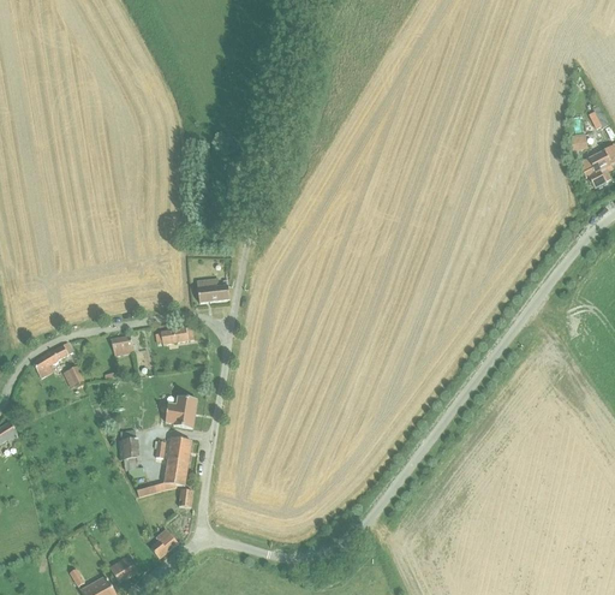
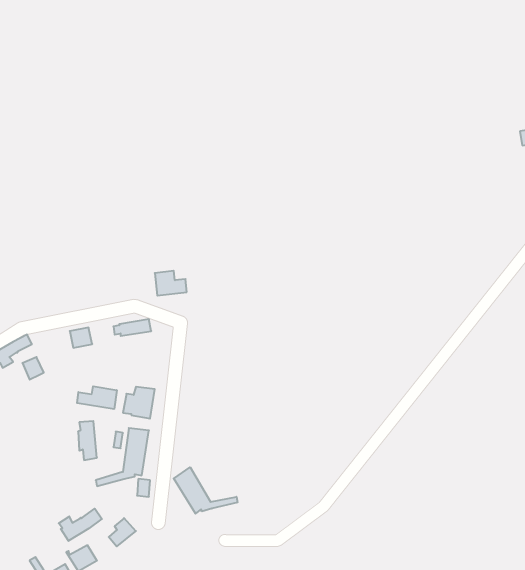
building: none -> [77,386,117,409]
building: none -> [174,467,238,514]
building: none -> [59,509,102,541]

